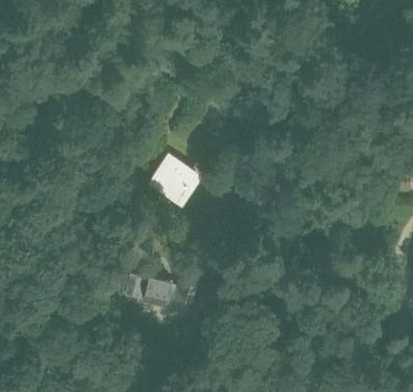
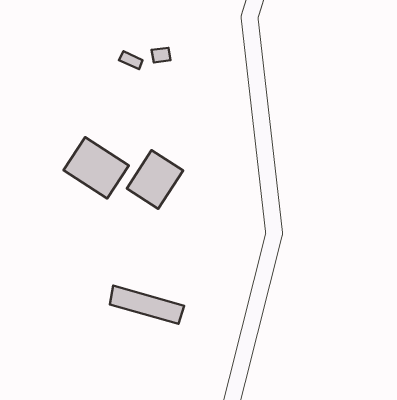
building: none -> [63,137,129,199]

